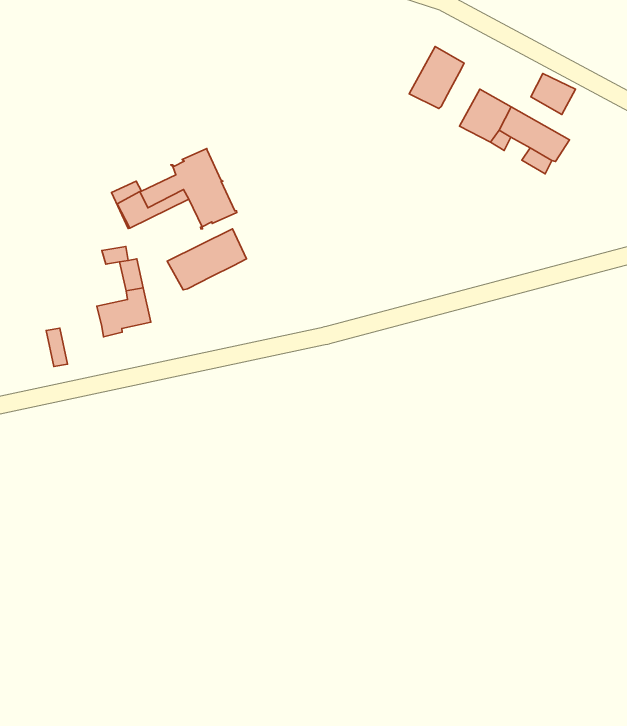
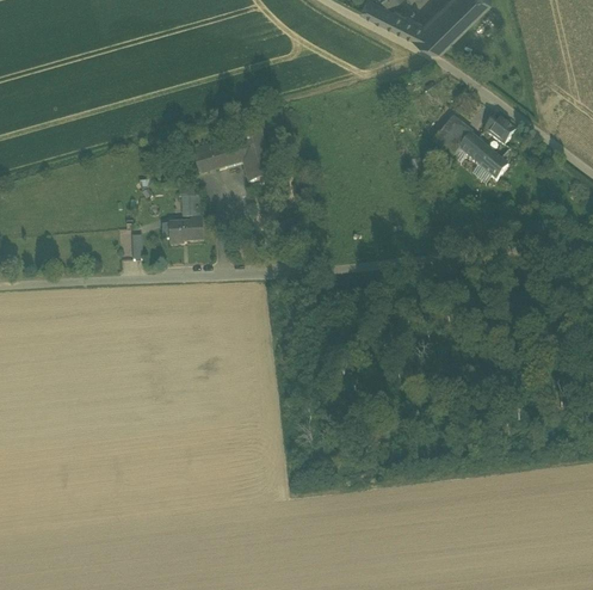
building: [409,46,464,109] -> none
building: [167,229,246,290] -> none

